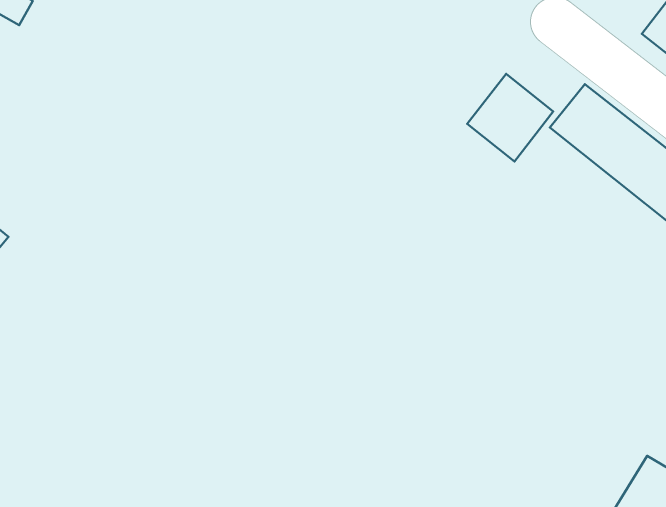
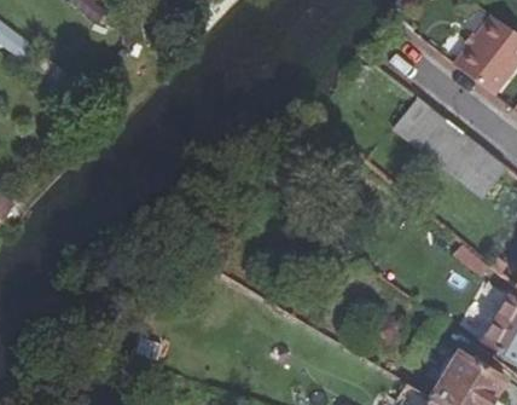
building: [467,74,553,161] -> none

